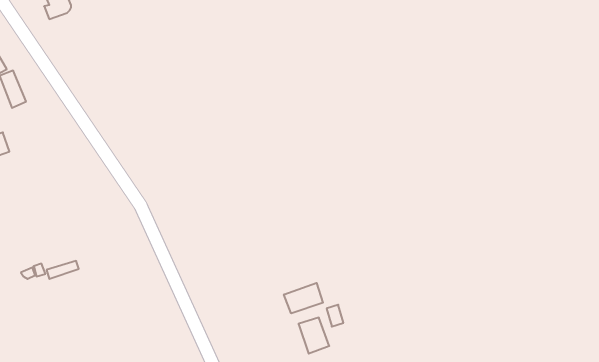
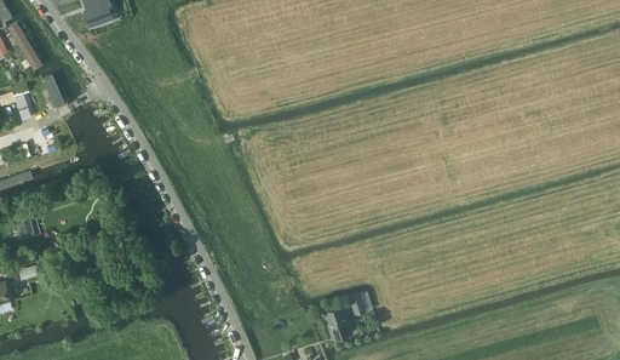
building: [284,283,323,313] -> none

